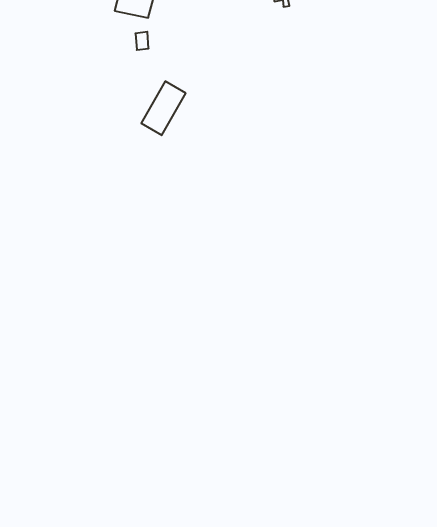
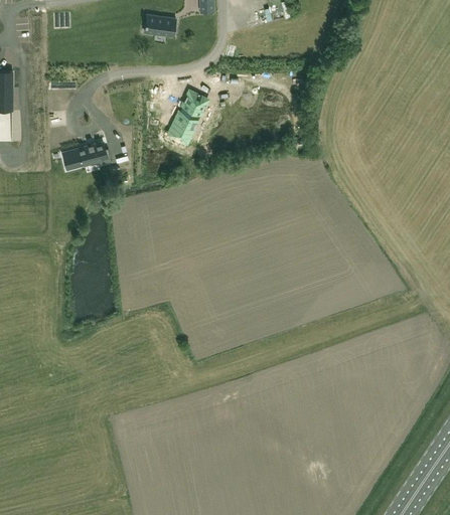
building: none -> [69,143,110,168]

